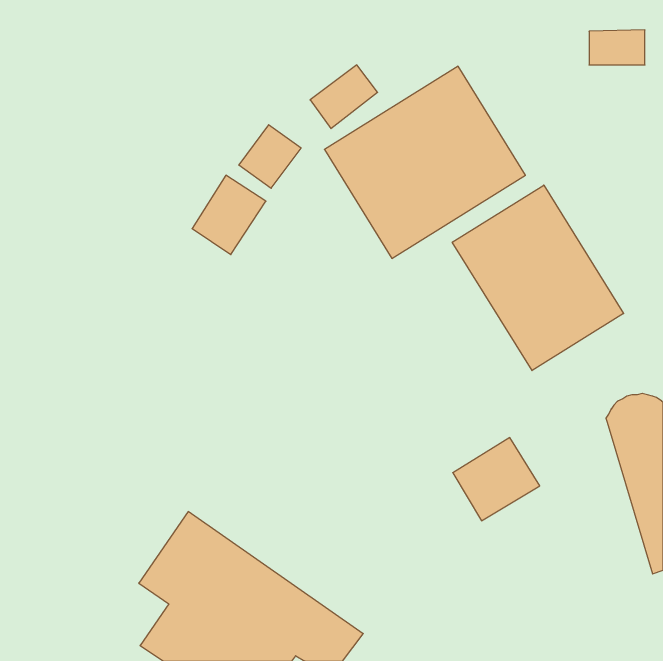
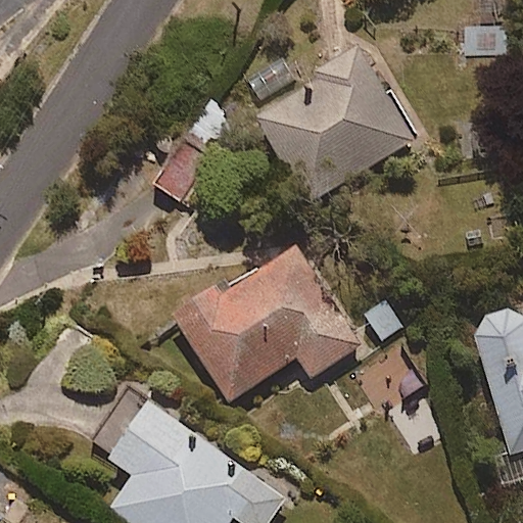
building: [452,185,624,371] -> none
building: none -> [172,245,363,401]

